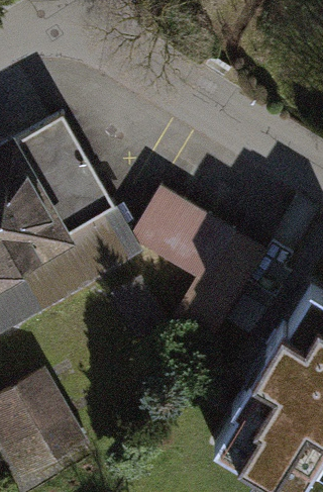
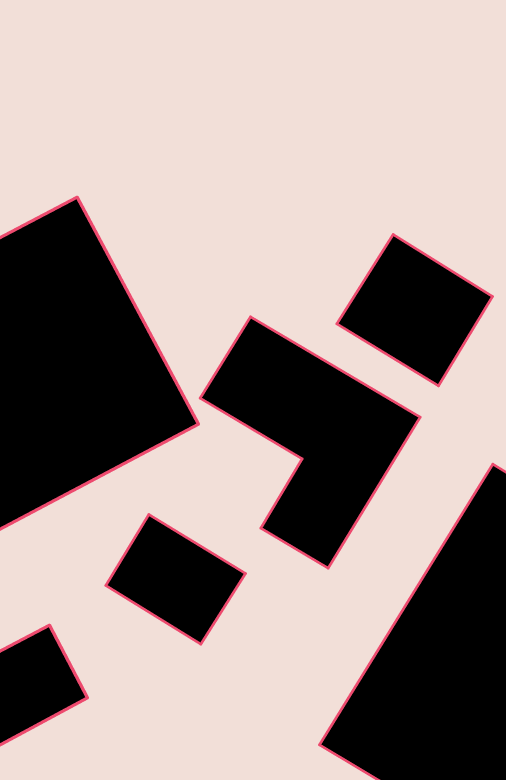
building: none -> [337,235,493,386]
building: none -> [106,515,246,644]

